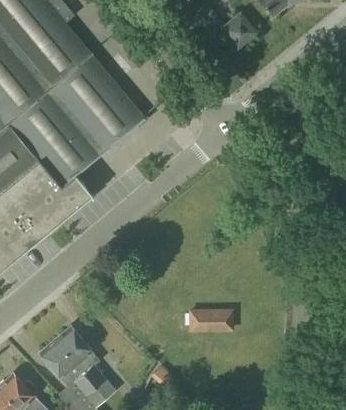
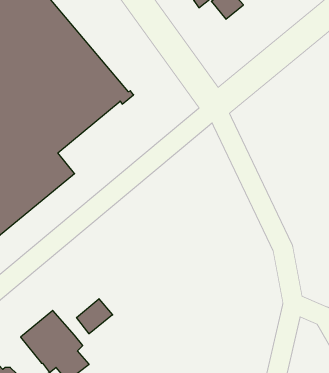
building: [188,309,233,332] -> none
building: none -> [77,299,113,334]

